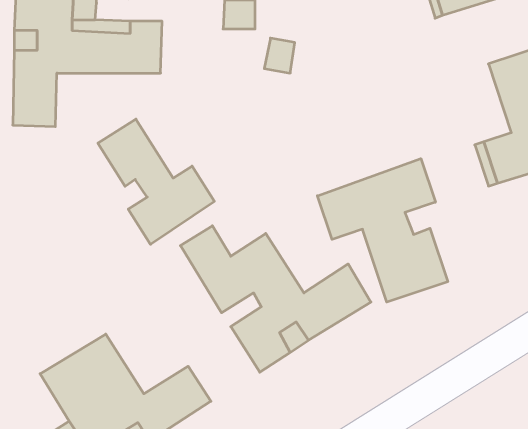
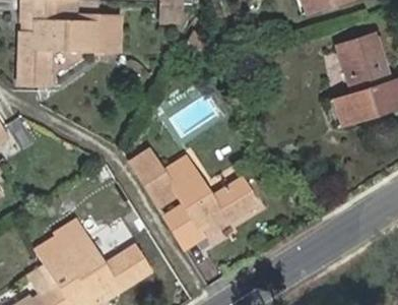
building: [98,119,214,244] -> none
building: [317,159,448,302] -> none

